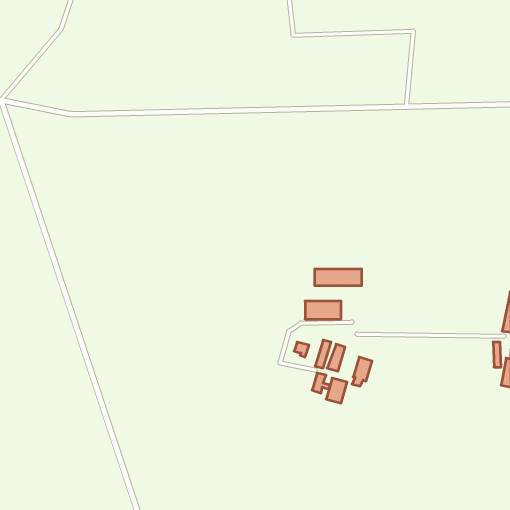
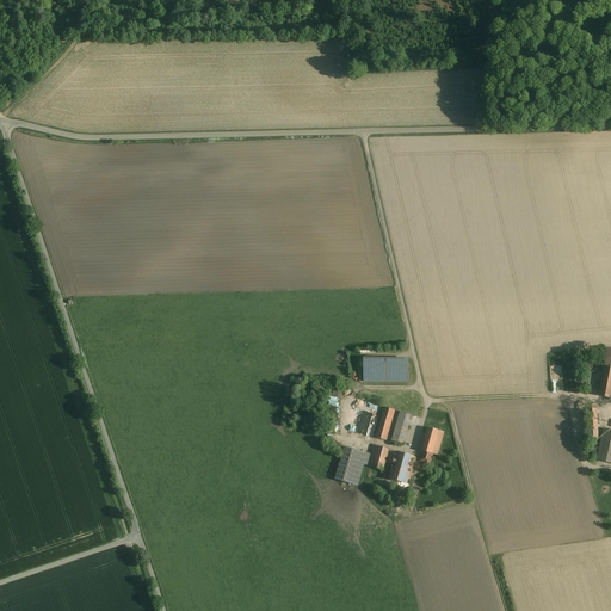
building: [315,269,362,286] -> none
building: none -> [337,446,368,485]

